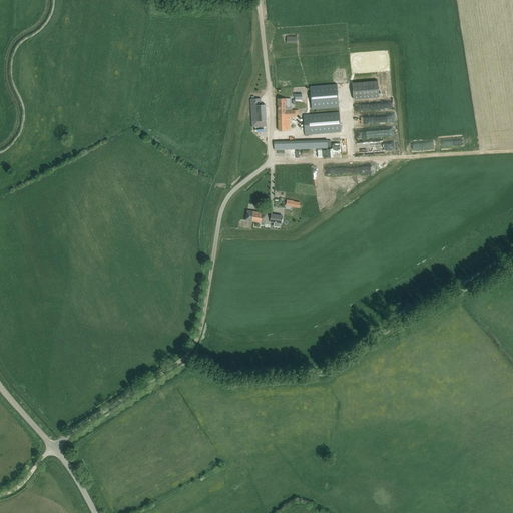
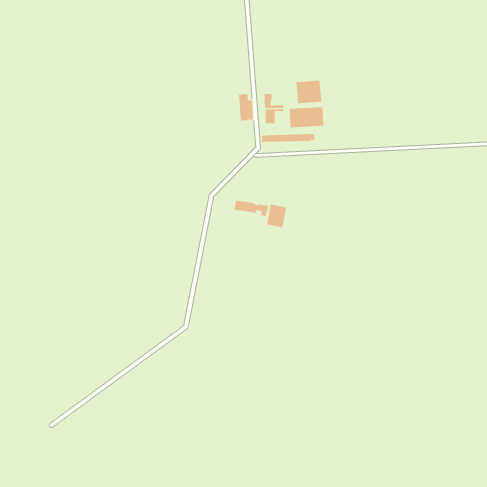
building: [353,81,379,99] -> none
building: none -> [266,204,287,228]

